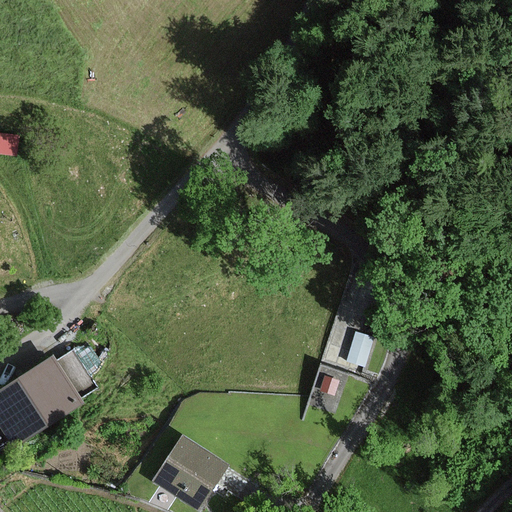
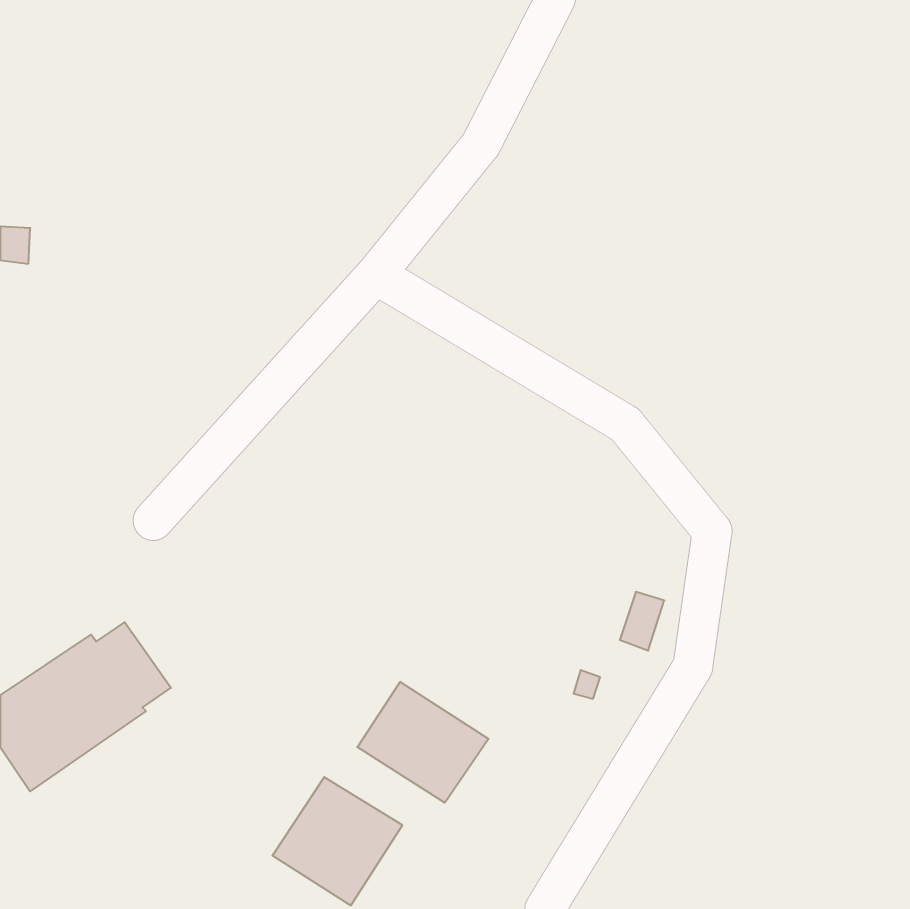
building: none -> [357,682,489,803]

